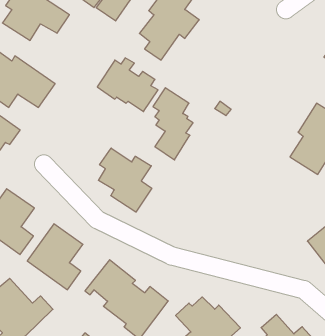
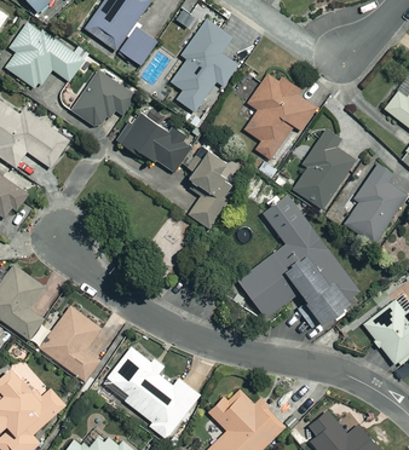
building: none -> [68,69,134,125]
building: none -> [241,73,316,160]
building: none -> [294,129,356,208]
building: none -> [234,192,358,327]
building: [98,148,152,212] -> none

